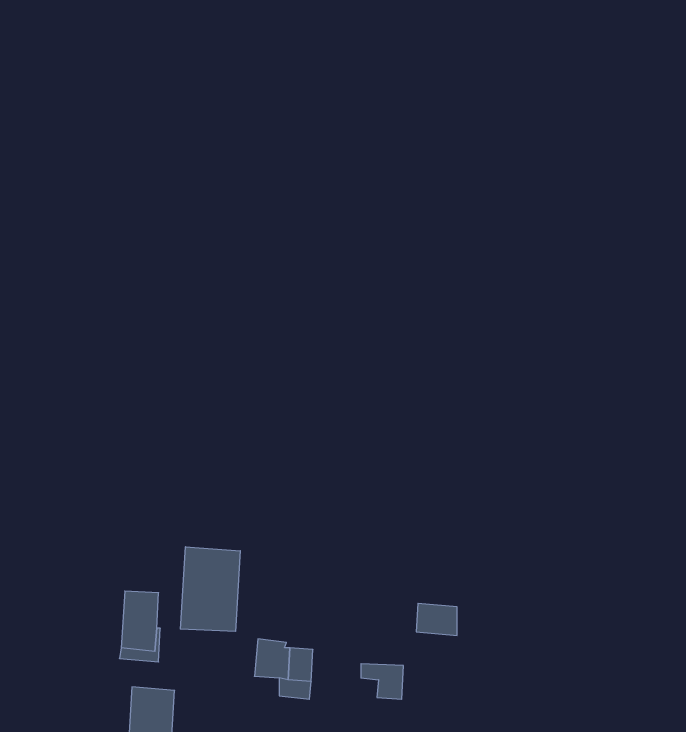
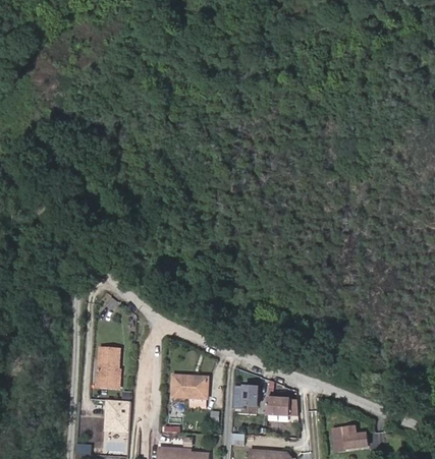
building: [180,547,240,631] -> none
building: [416,603,457,635] -> [266,398,289,416]

